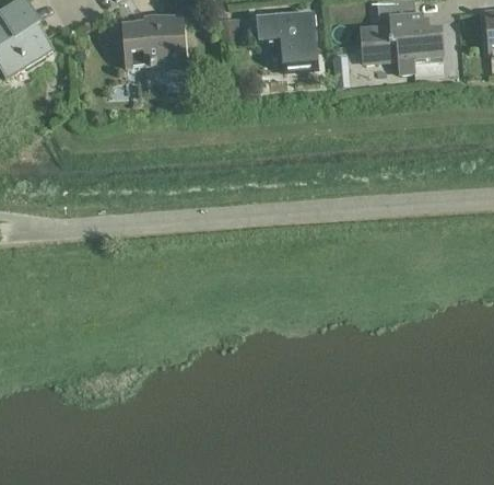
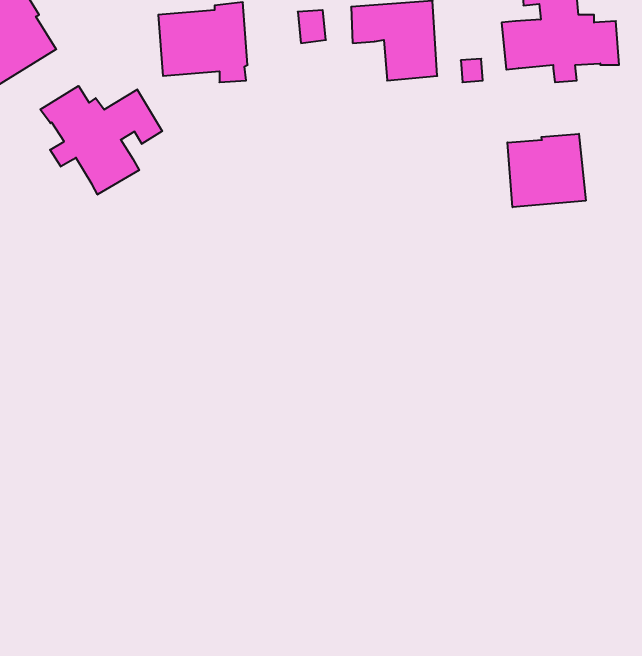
building: none -> [40,86,162,195]
building: none -> [507,134,586,207]

